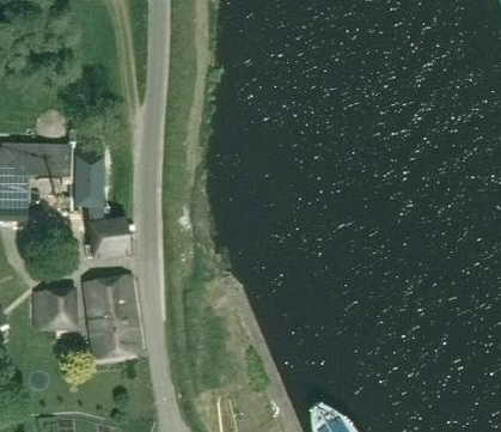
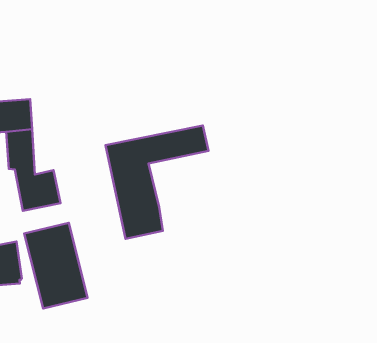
building: none -> [105,125,209,239]

